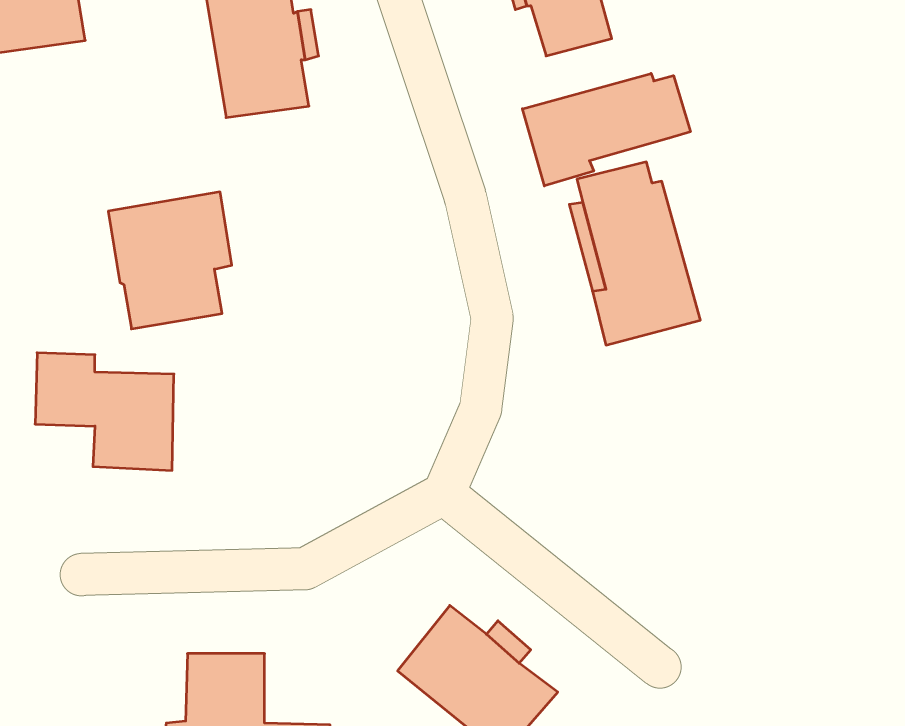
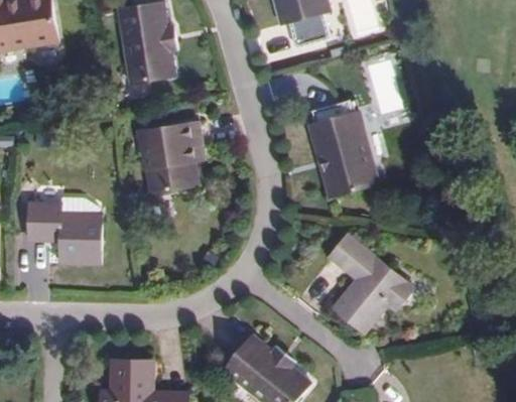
building: [522,73,690,186] -> none
building: [108,192,232,329] -> [139,121,204,192]
building: none -> [327,234,411,331]

